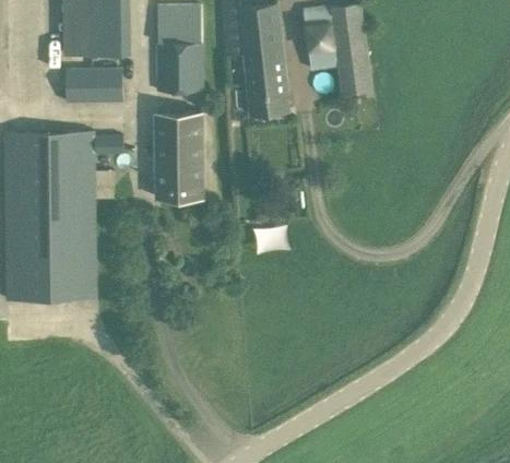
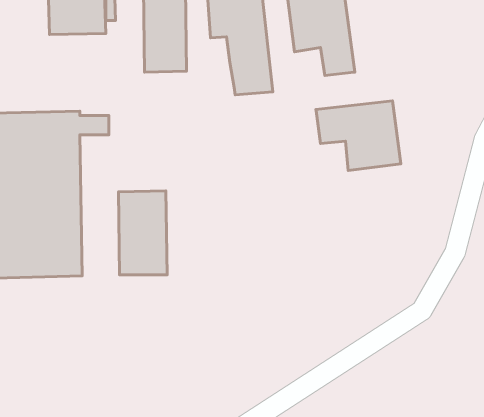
building: [67,70,123,104] -> none
building: [155,114,204,199] -> [119,191,167,275]
building: none -> [316,101,401,171]

